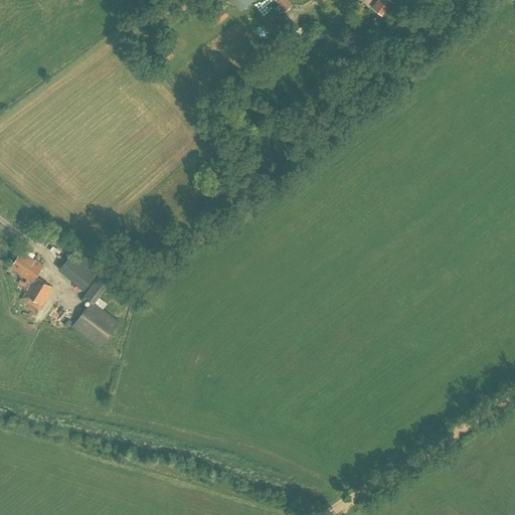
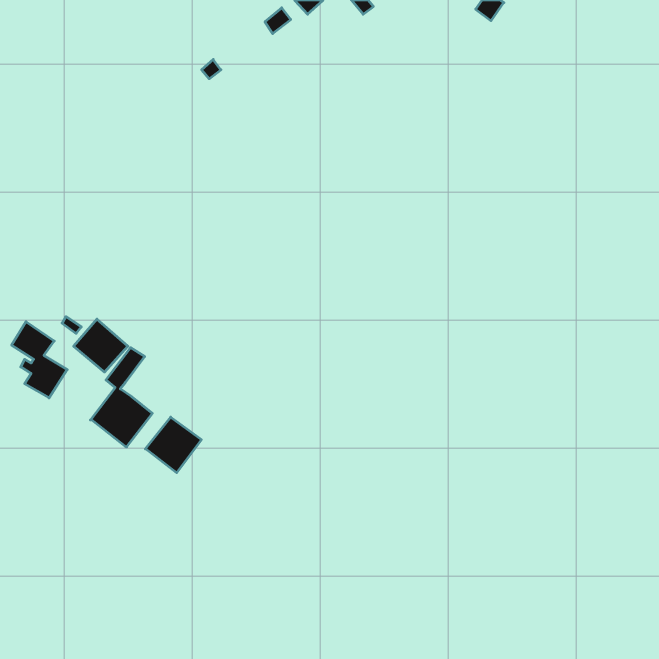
building: none -> [145,417,201,473]

